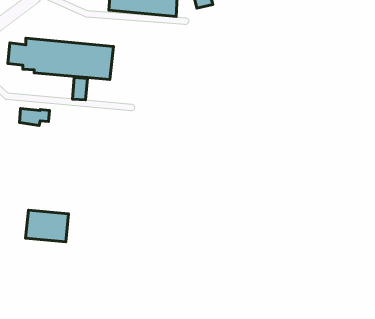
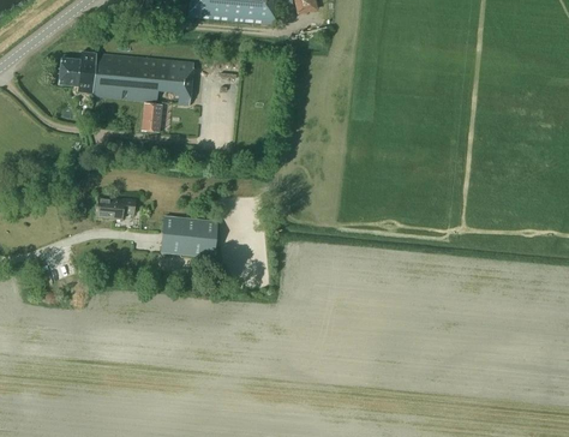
building: [20,109,49,125] -> [97,197,136,218]
building: [26,210,69,242] -> [162,216,217,257]

